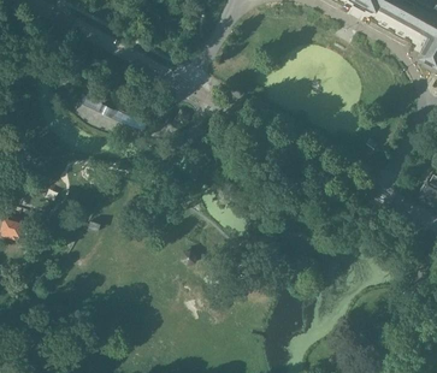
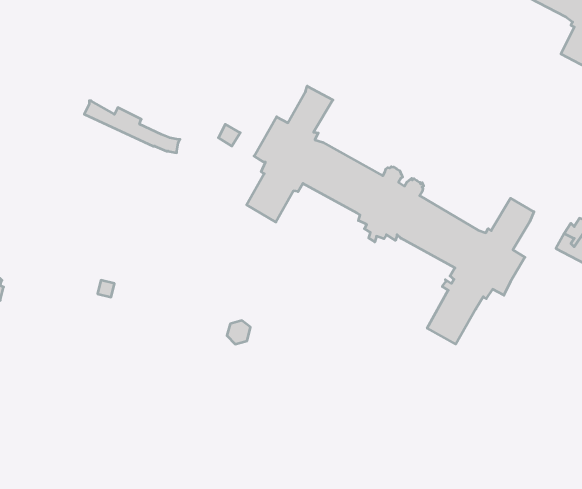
building: none -> [247,86,534,344]

